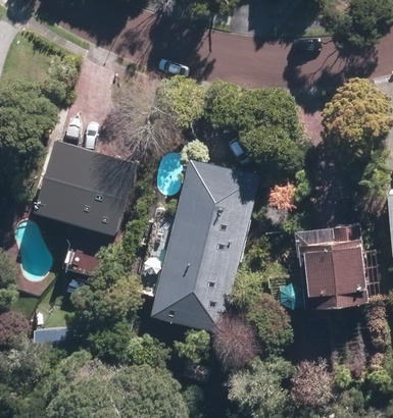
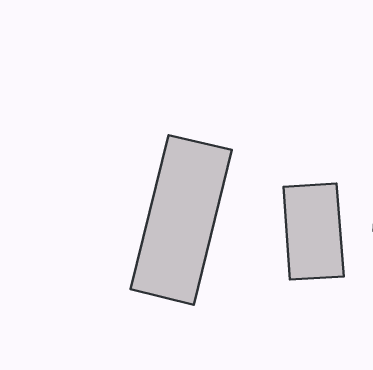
building: [41,149,130,234] -> none

